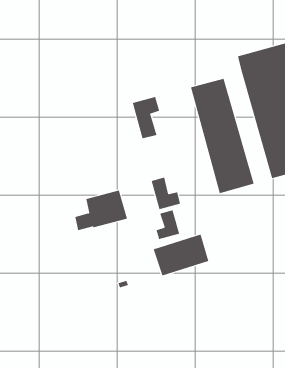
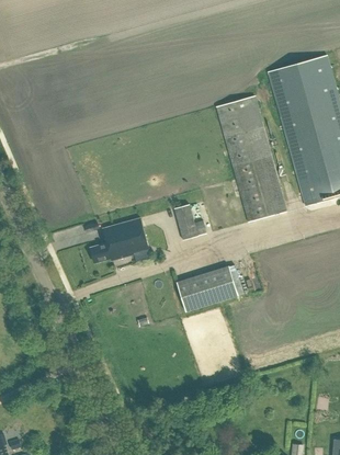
building: [132,96,160,139] -> none
building: [156,209,180,240] -> none

